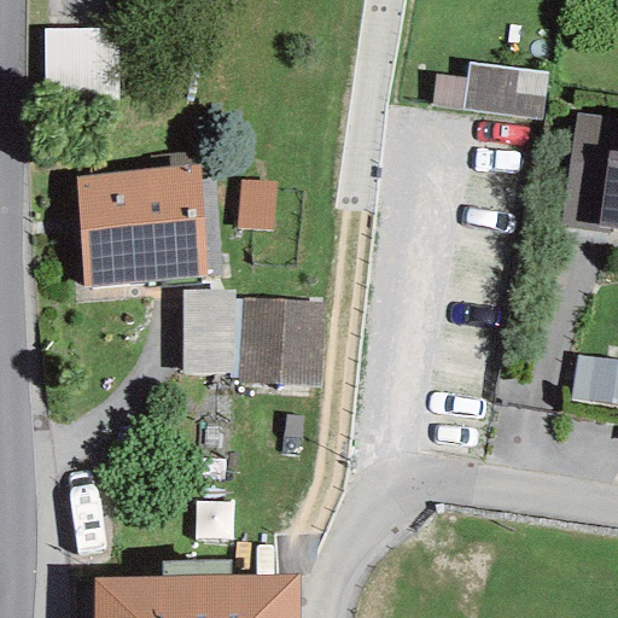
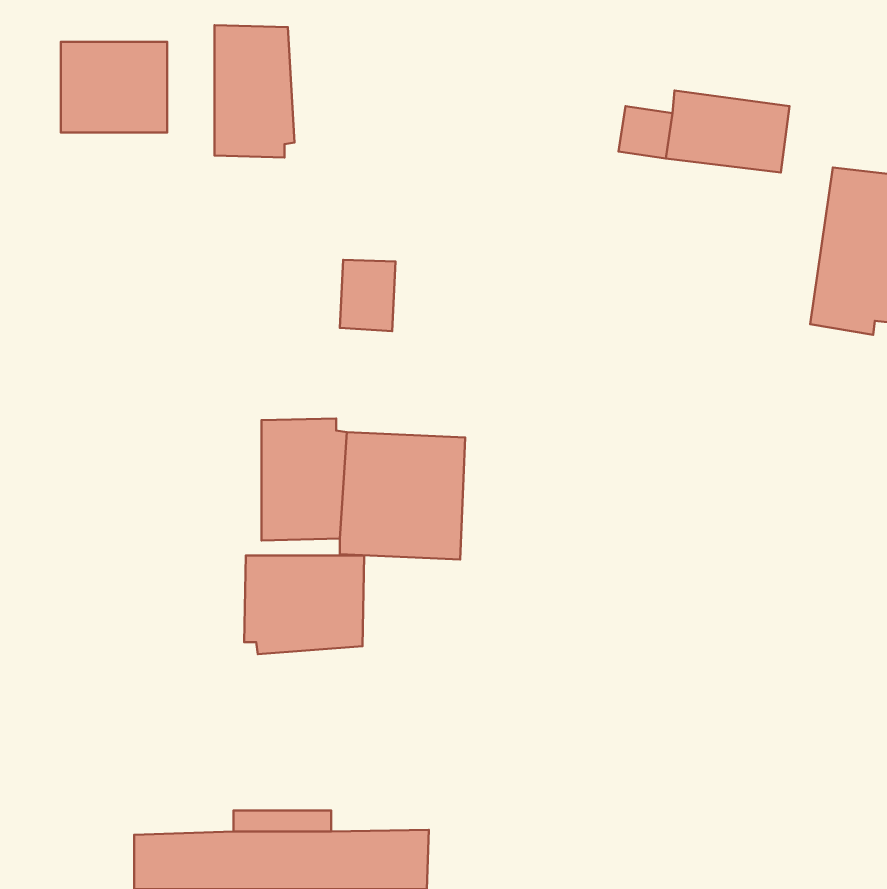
building: none -> [214,25,294,157]
building: [76,164,205,286] -> none
building: none -> [244,555,364,654]

